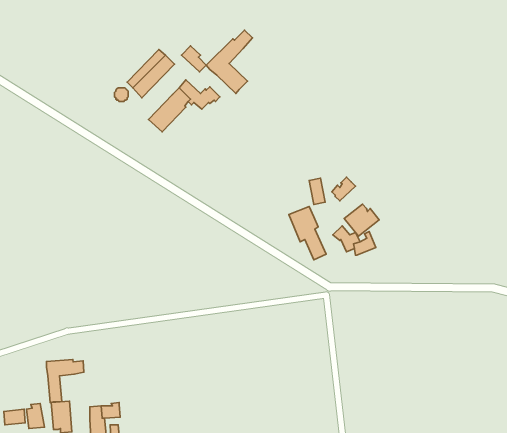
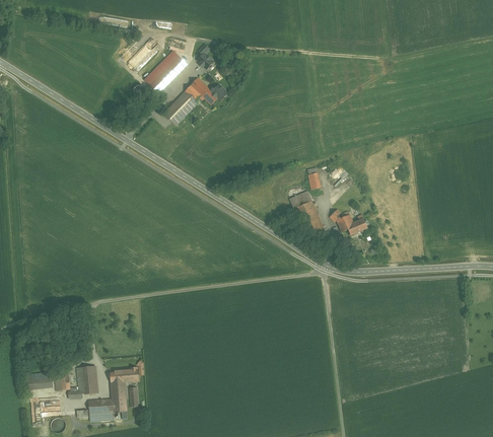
building: [206,30,252,93] -> none
building: [344,204,379,236] -> none
building: [46,360,84,403] -> none

